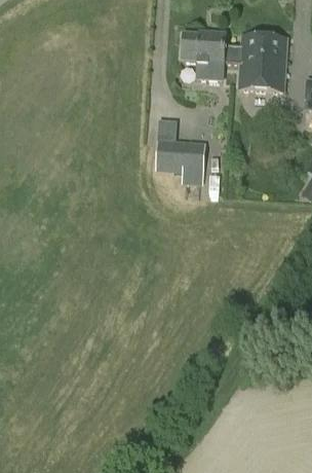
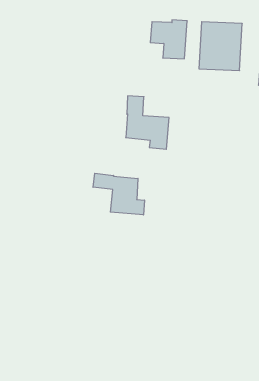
building: none -> [93,173,144,215]

